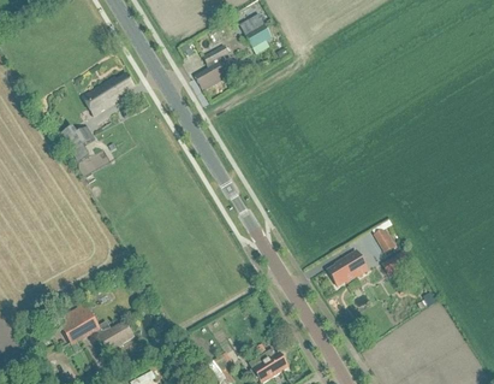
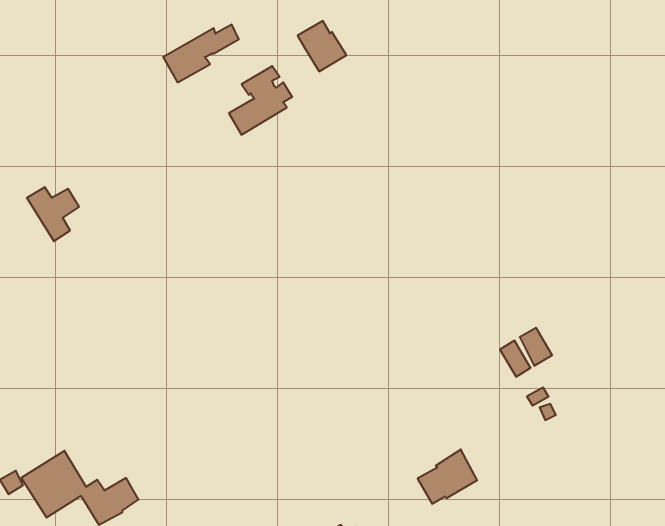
building: [83,76,133,114] -> [163,25,239,82]
building: [328,249,368,285] -> [418,449,477,504]

